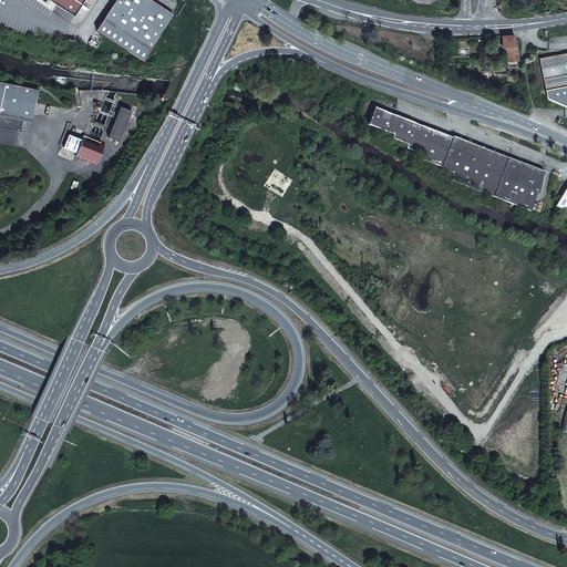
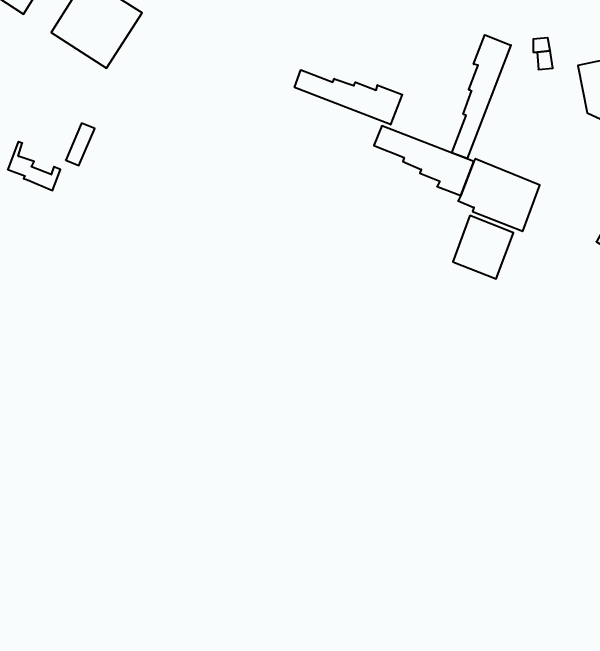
building: none -> [452,35,511,158]
building: none -> [295,70,402,125]
building: [494,157,545,210] -> [453,216,513,279]

